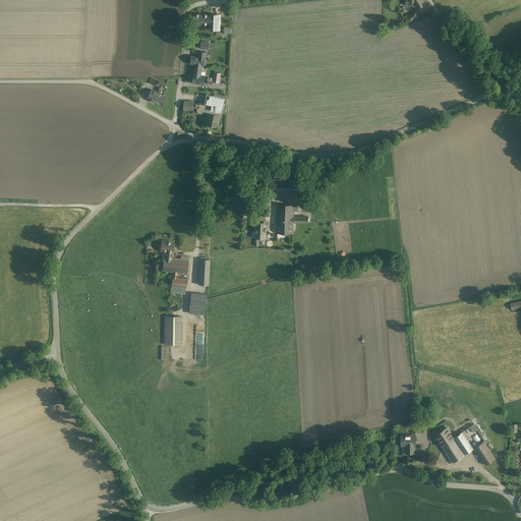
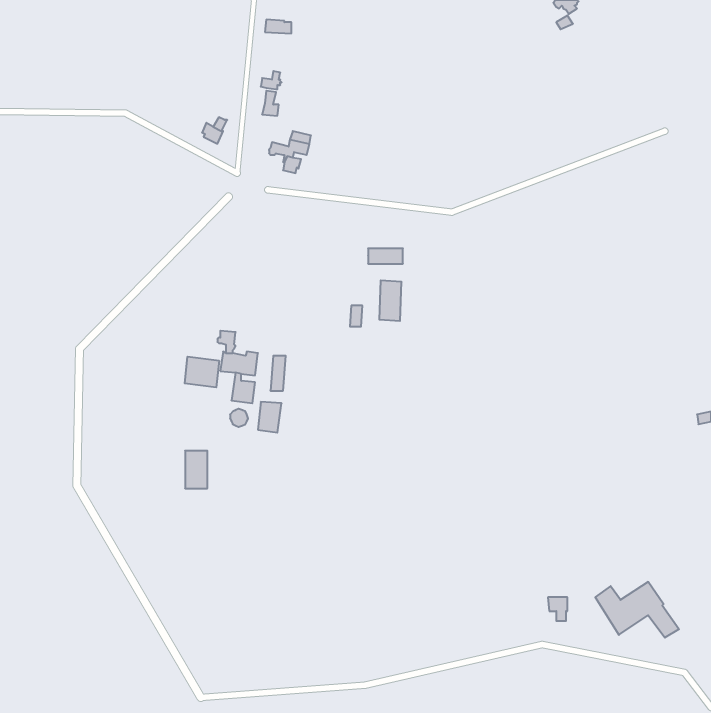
building: none -> [185,357,219,387]
building: [164,316,180,344] -> [185,451,207,488]

